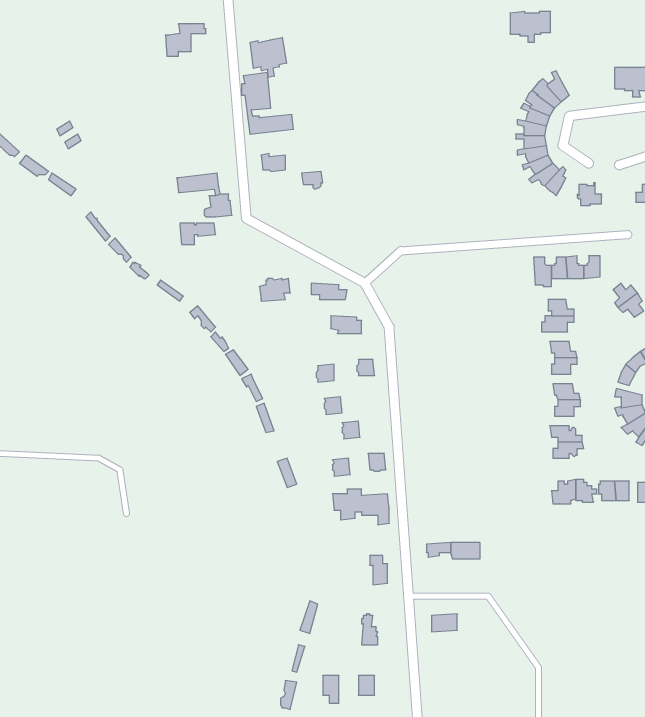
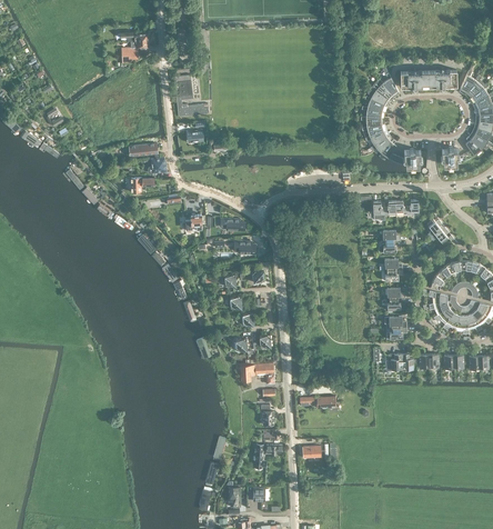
building: [510,11,551,42] -> [400,70,427,91]
building: [250,37,287,78] -> none

